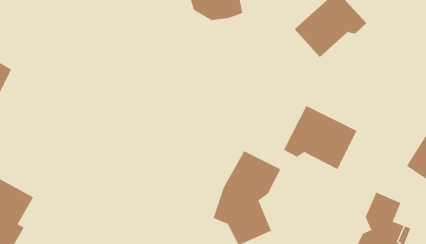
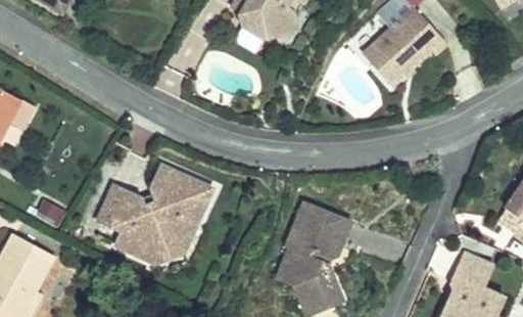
building: [283,105,357,170] -> none
building: none -> [96,169,212,268]

